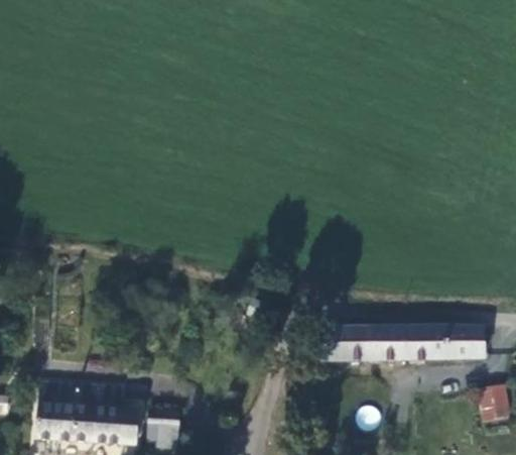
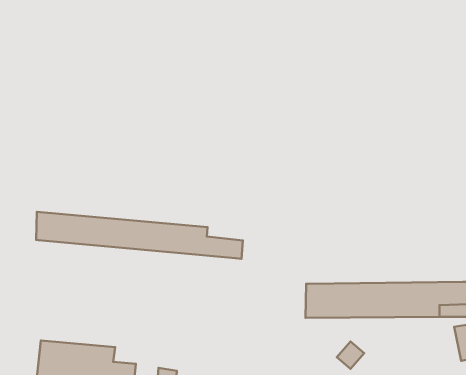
building: none -> [36,212,243,259]

